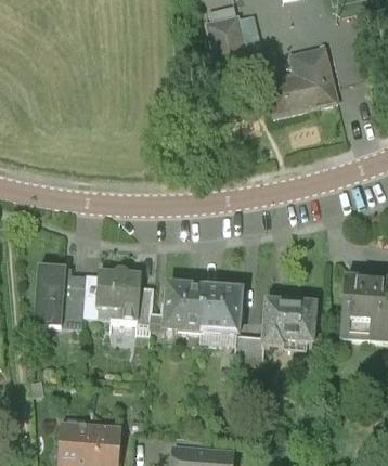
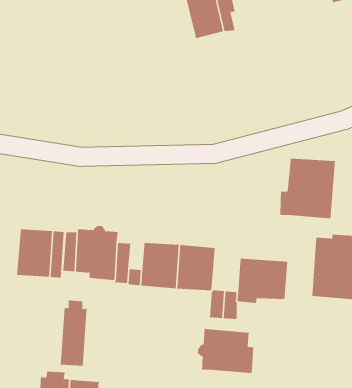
building: [264,47,337,116] -> none
building: none -> [280,158,336,219]
building: none -> [60,300,87,366]
building: none -> [197,328,254,374]

